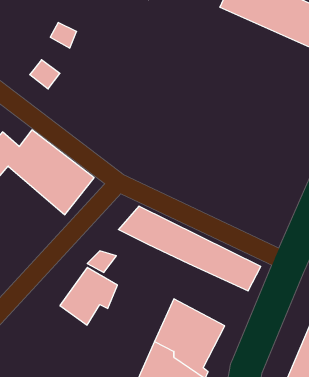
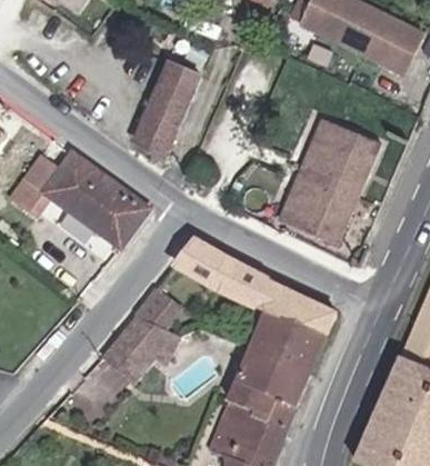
building: none -> [137,67,199,161]
building: none -> [283,120,382,246]
building: none -> [239,309,323,380]

